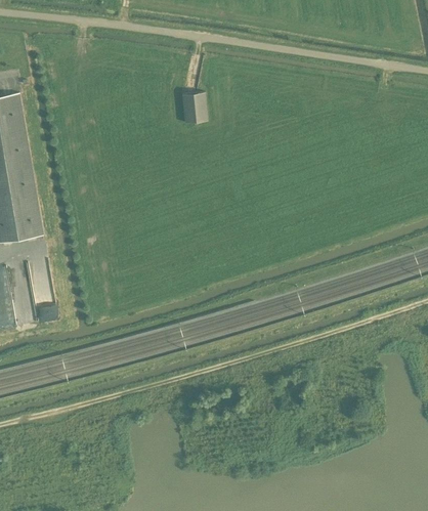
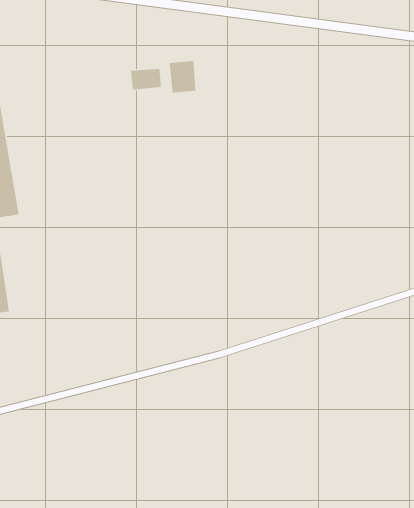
building: none -> [130,68,162,91]

